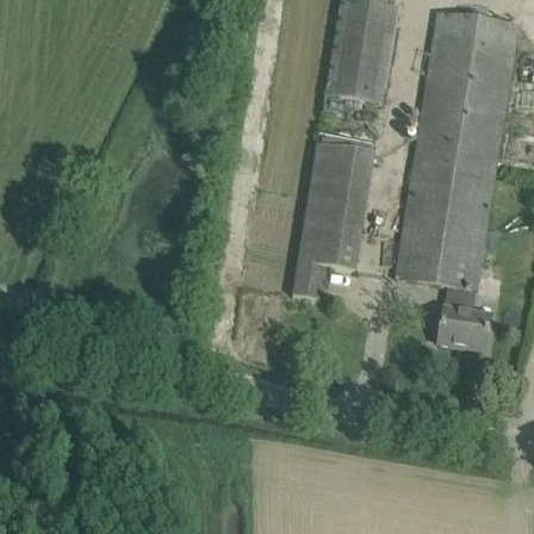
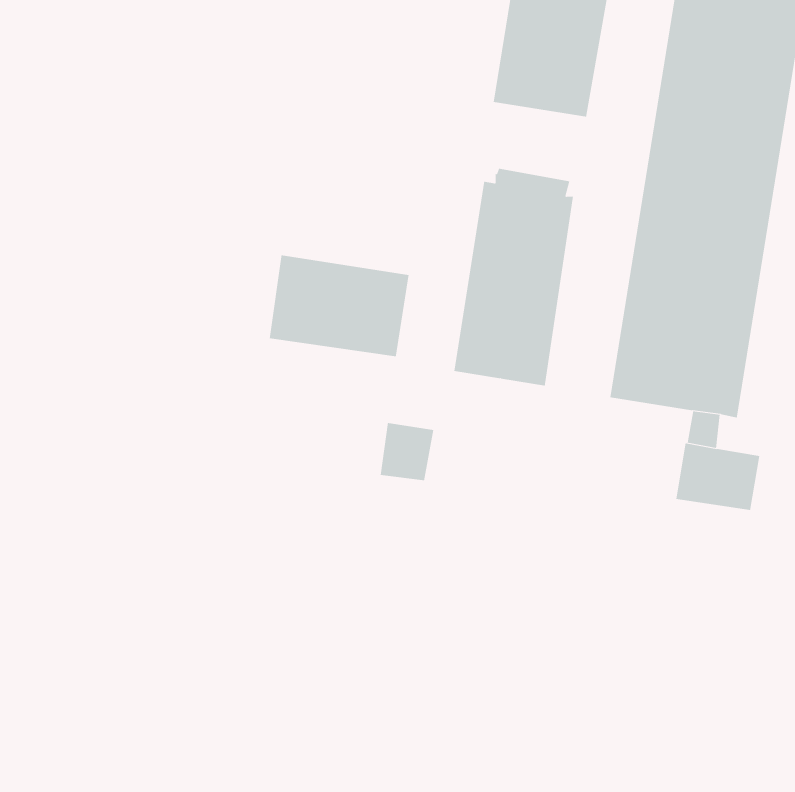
building: none -> [269,254,409,357]
building: [292,261,327,298] -> [380,422,434,481]

